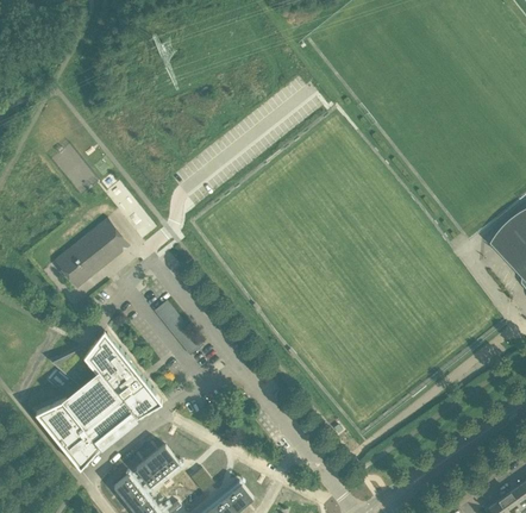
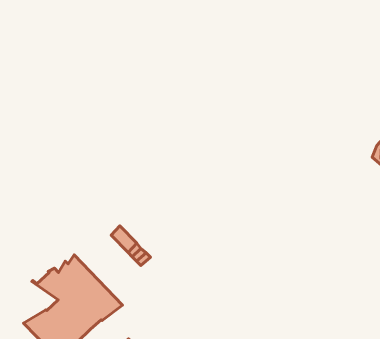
building: [55,218,130,287] -> none

